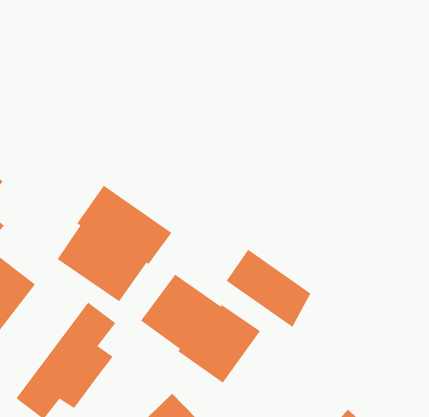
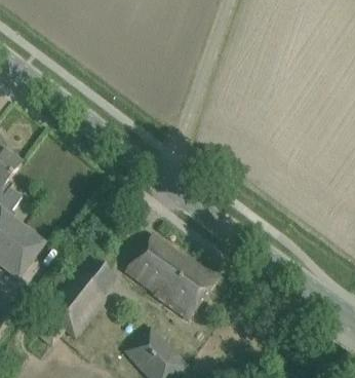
building: [57,185,172,302] -> none
building: [226,249,311,328] -> none

